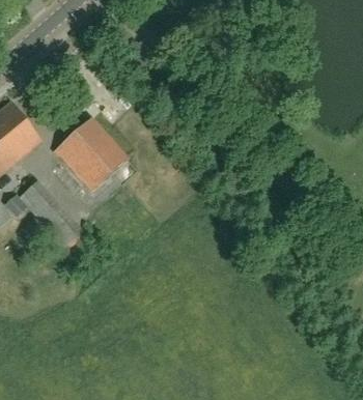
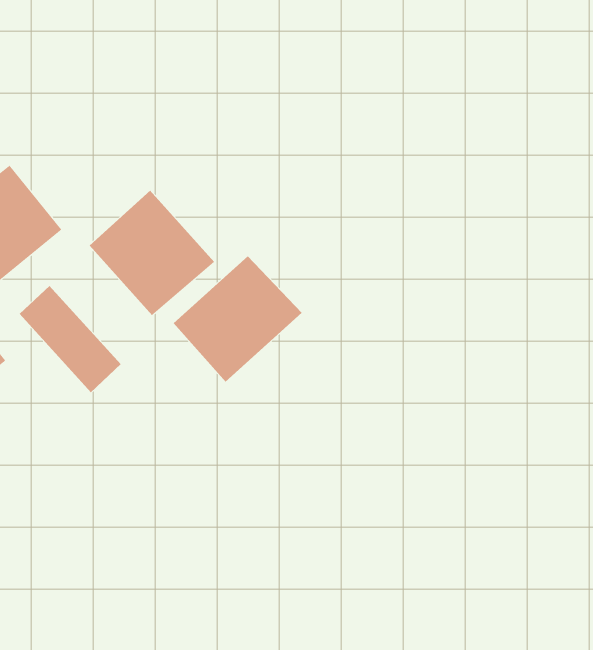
building: none -> [173,255,303,383]

